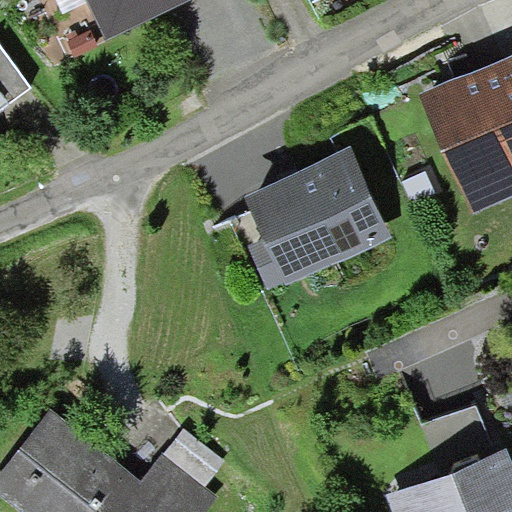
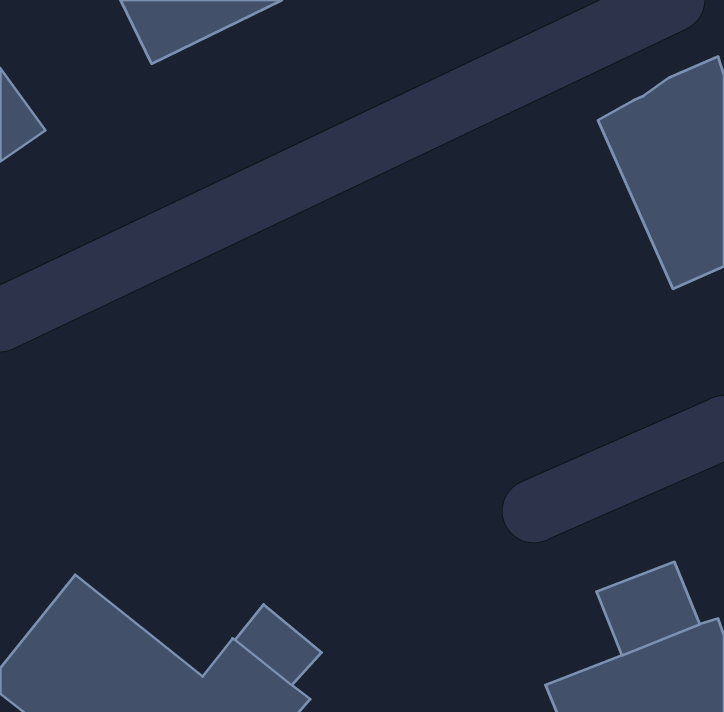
building: [247,142,393,289] -> none

